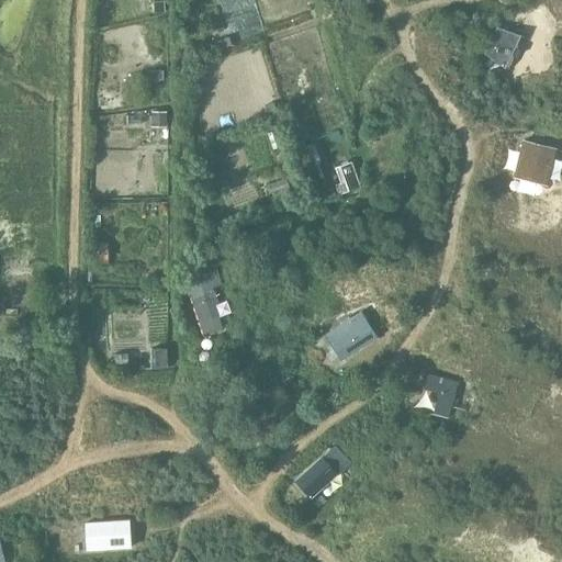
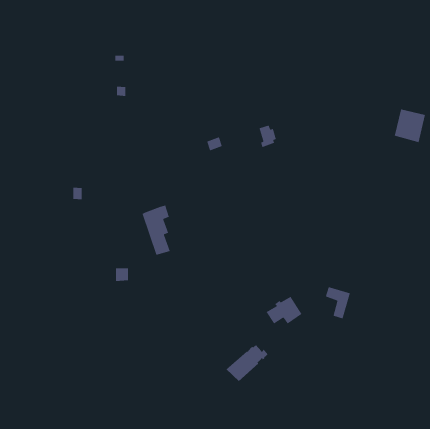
building: [484,29,520,68] -> none
building: [329,313,378,350] -> [266,296,303,324]
building: [85,520,132,552] -> none

